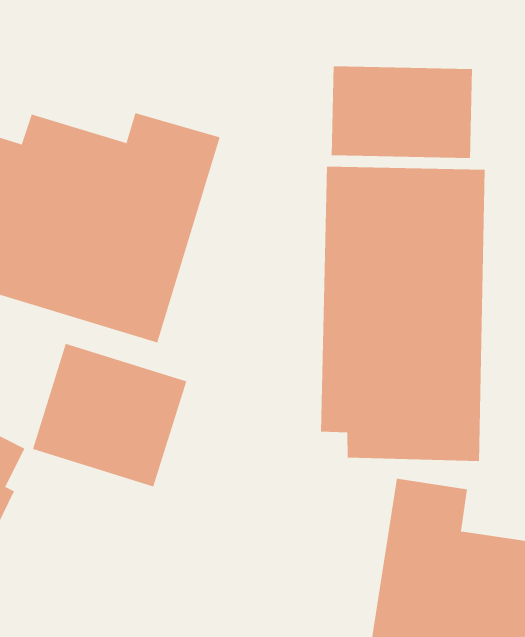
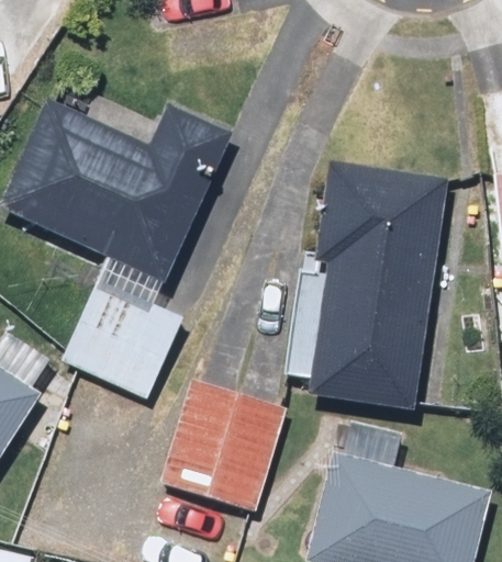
building: [331,65,473,159] -> none
building: none -> [161,378,286,506]

